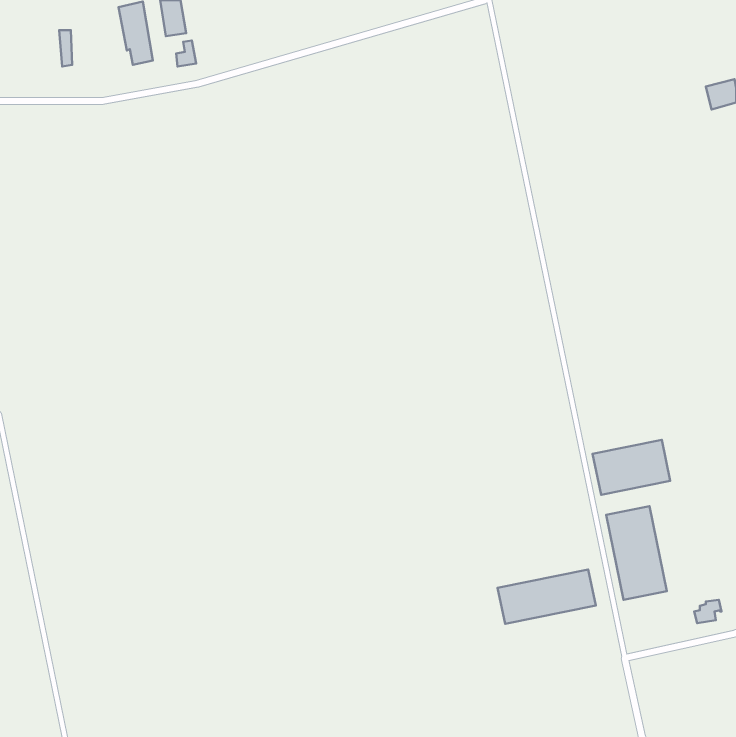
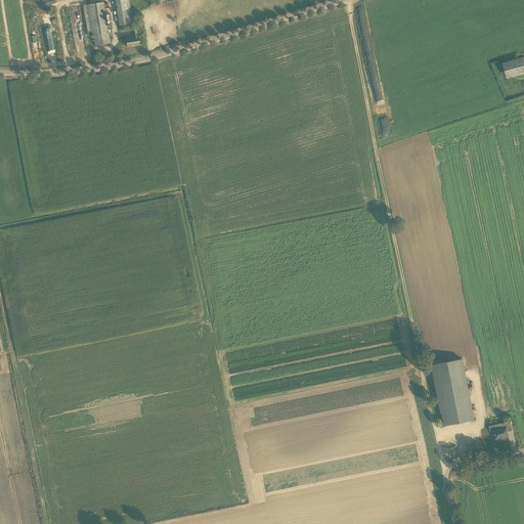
building: [593,440,670,495] -> none
building: [498,570,596,624] -> none

